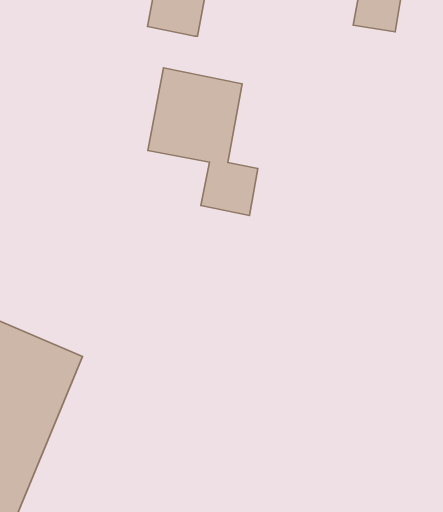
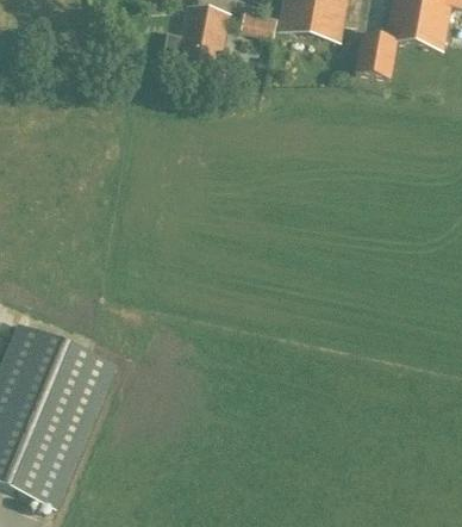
building: [148,68,258,215] -> none

